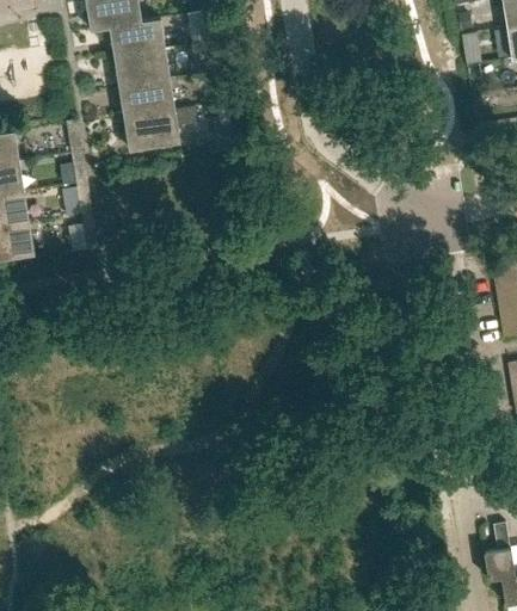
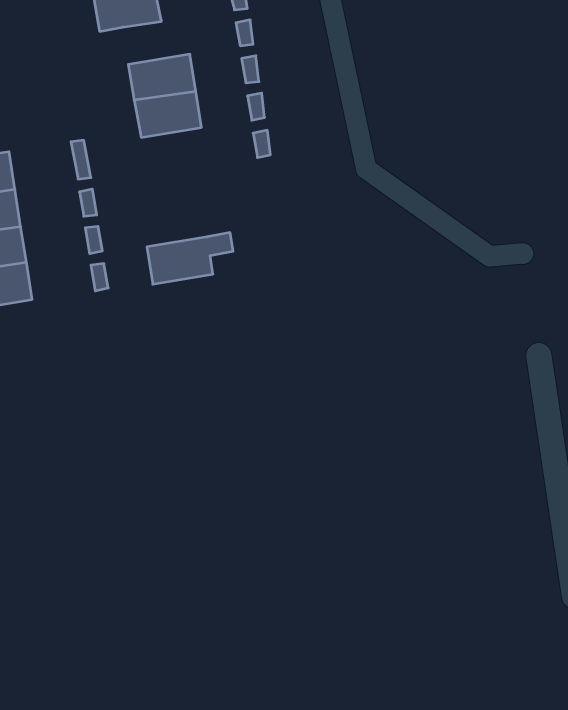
building: [109,20,165,60] -> none
building: [124,109,196,152] -> [147,233,233,284]

